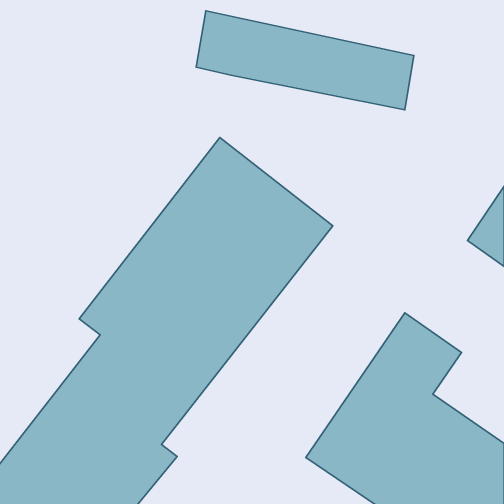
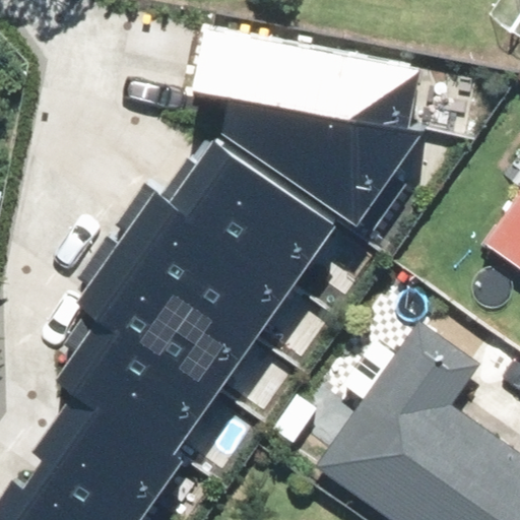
building: none -> [233,79,426,221]

